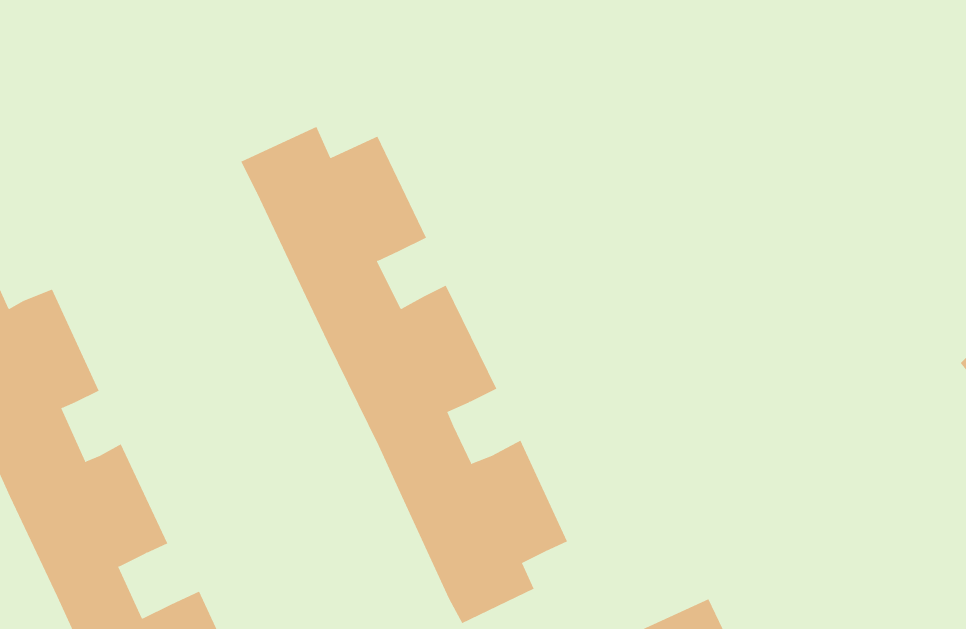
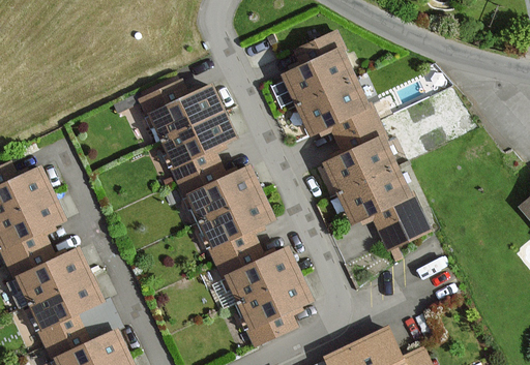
building: none -> [284,32,426,247]

